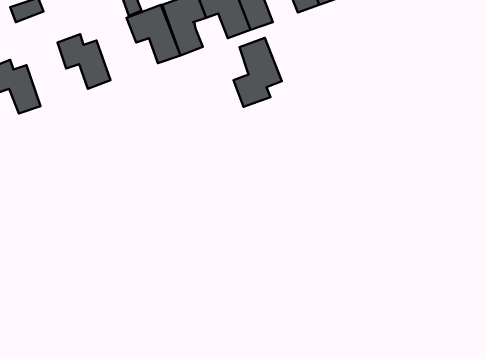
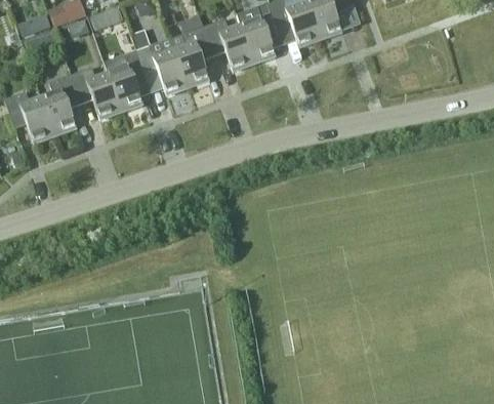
building: none -> [106,50,147,110]
building: [234,38,282,107] -> none
building: none -> [42,74,80,134]

